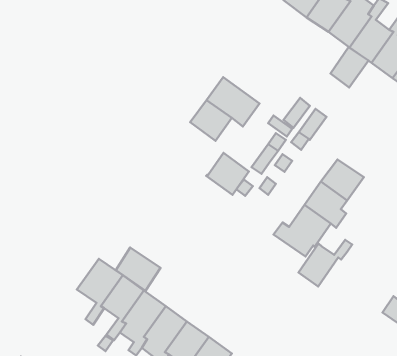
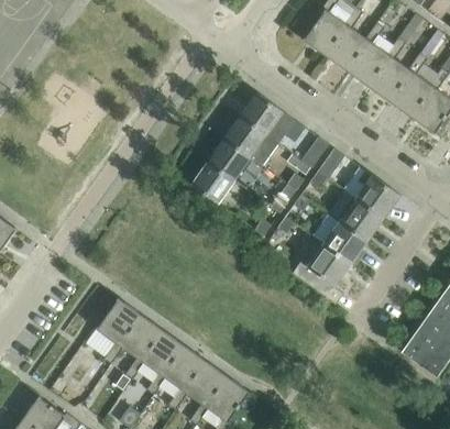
building: [330,47,368,87] -> none
building: none -> [241,92,294,143]
building: none -> [355,170,399,217]
building: [206,153,249,195] -> [190,162,233,204]
building: [298,240,352,286] -> none
building: [116,248,161,291] -> none

